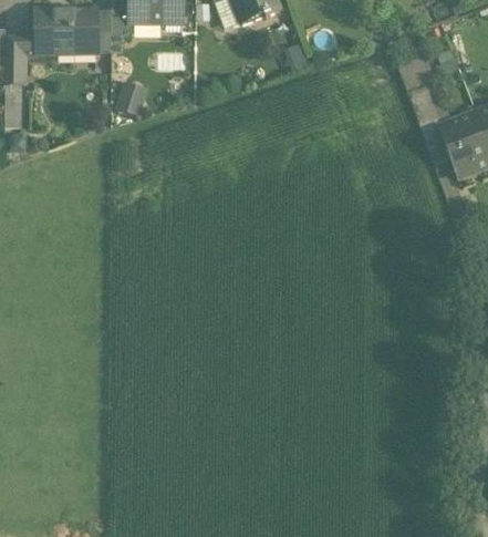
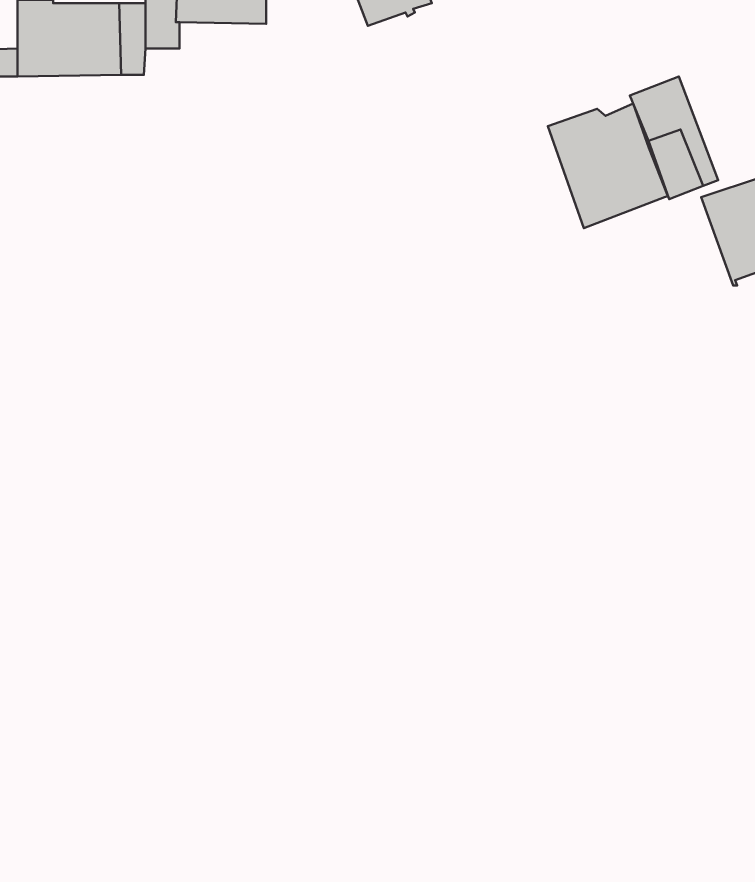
building: none -> [548,104,668,228]
building: [117,79,150,113] -> none

